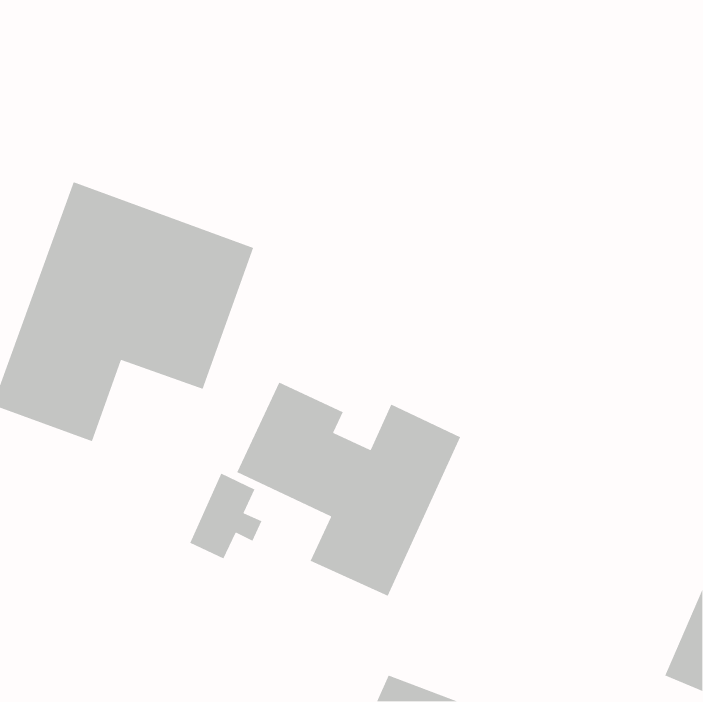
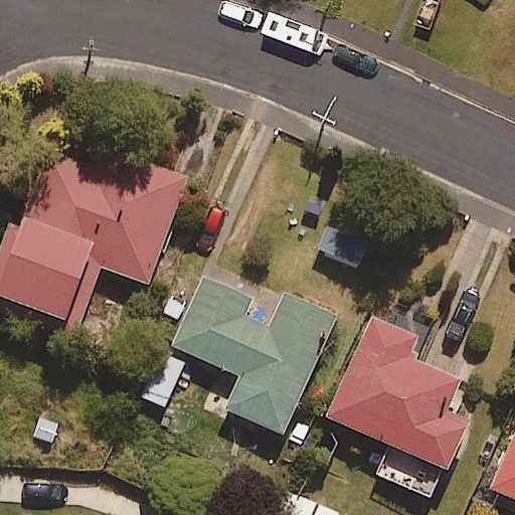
building: none -> [327,317,469,481]

